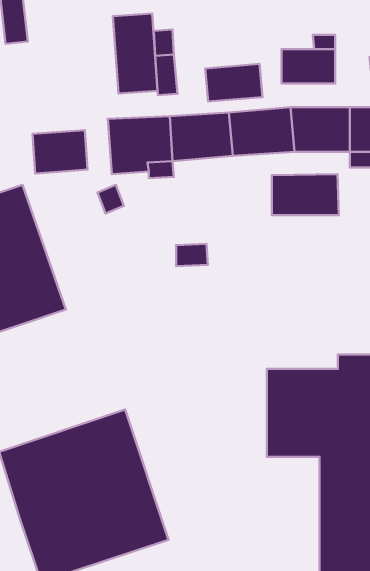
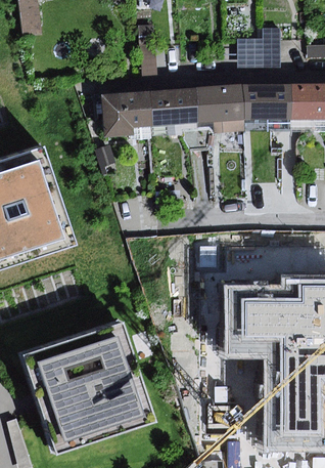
building: [113,13,158,94] -> none
building: [205,64,262,102] -> none
building: [32,130,88,173] -> none
building: [272,174,339,215] -> none

